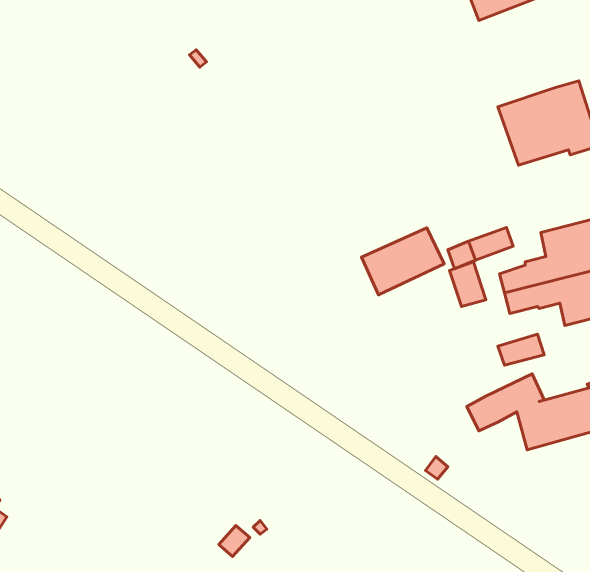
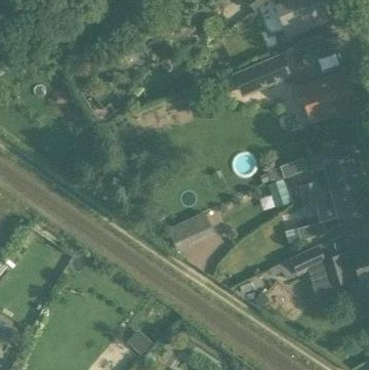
building: none -> [234,55,291,93]
building: [361,228,444,295] -> [167,213,216,253]

